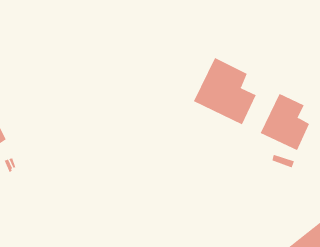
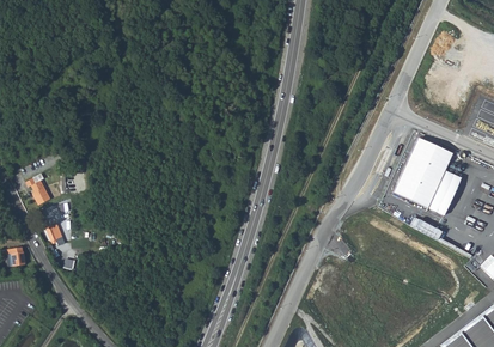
building: [193,57,257,125] -> none

